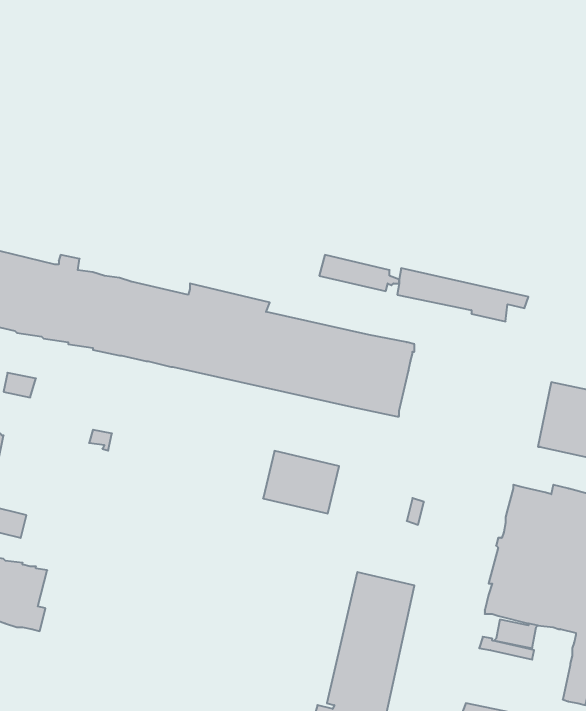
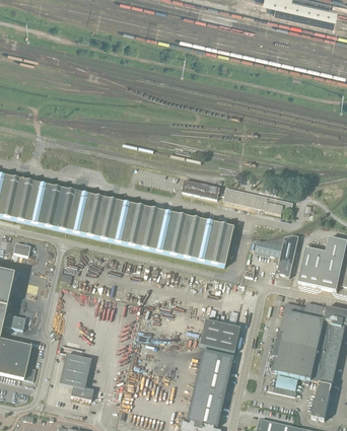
building: none -> [255,234,298,275]
building: [263,451,339,514] -> [199,318,239,352]
building: none -> [59,352,93,399]

